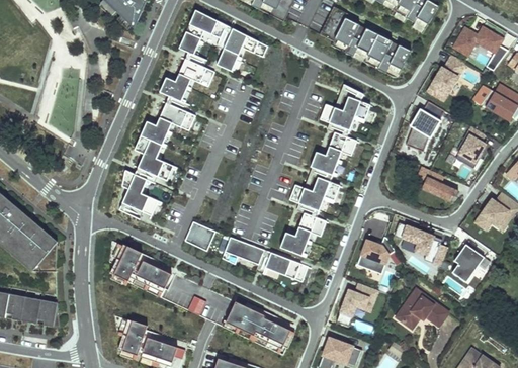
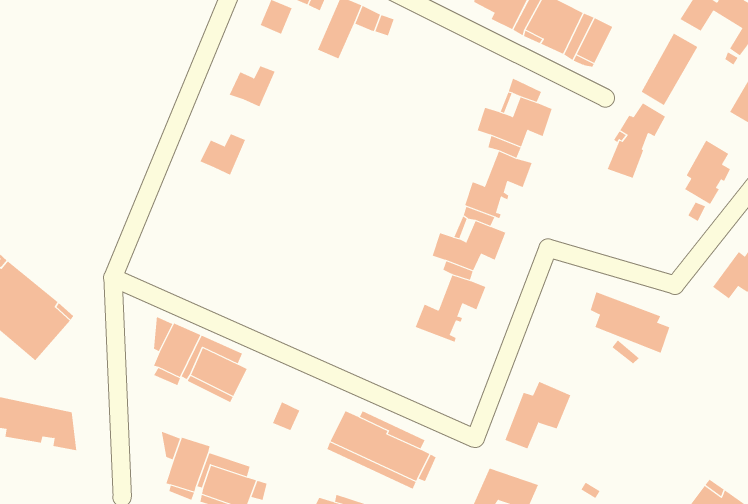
building: [179,61,213,88] -> none
building: [160,104,194,131] -> none
building: [137,143,162,179] -> none
building: [424,176,459,202] -> none
building: [122,177,147,213] -> none
building: [184,221,214,251] -> none
building: [357,237,395,275] -> none
building: [224,239,263,266] -> none
building: [454,241,486,277] -> none
building: [266,255,307,282] -> none
building: [397,287,449,327] -> none

